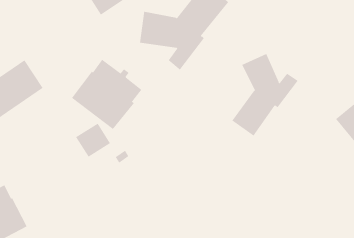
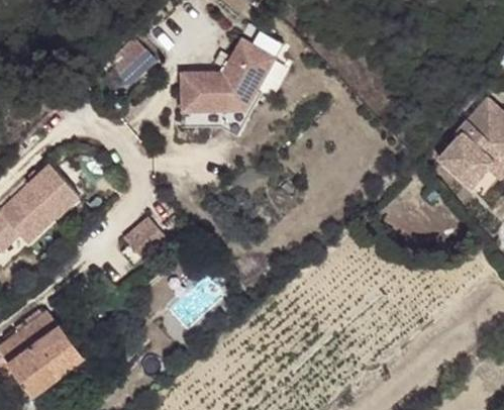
building: [232,53,298,137] -> none
building: [71,59,142,130] -> none

